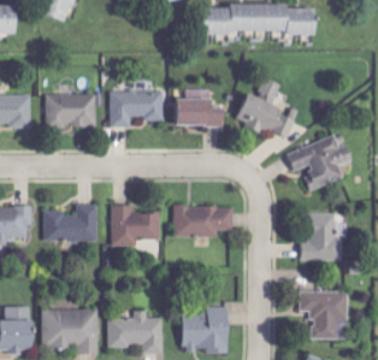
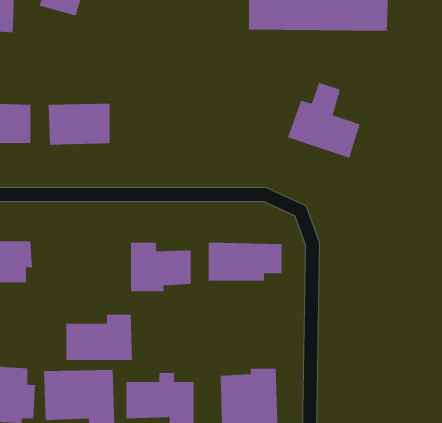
building: [108,89,161,125] -> none
building: [176,98,223,124] -> none
building: [287,131,352,189] -> none
building: [42,203,96,241] -> [66,314,133,361]
building: [301,212,343,259] -> none
building: [299,290,347,338] -> none

